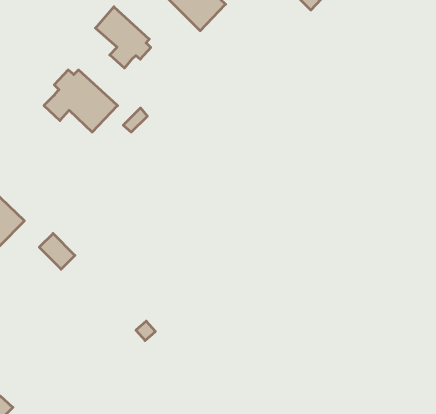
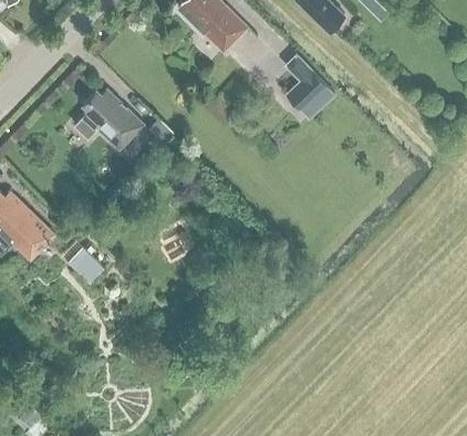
building: [95,7,151,68] -> none
building: none -> [283,71,328,114]

